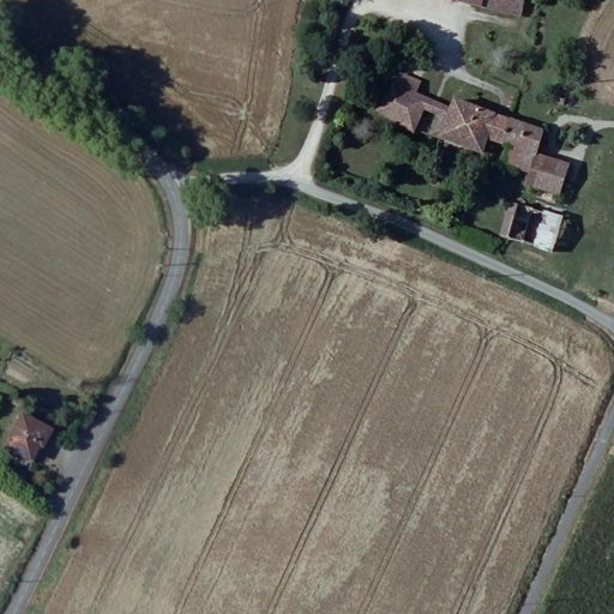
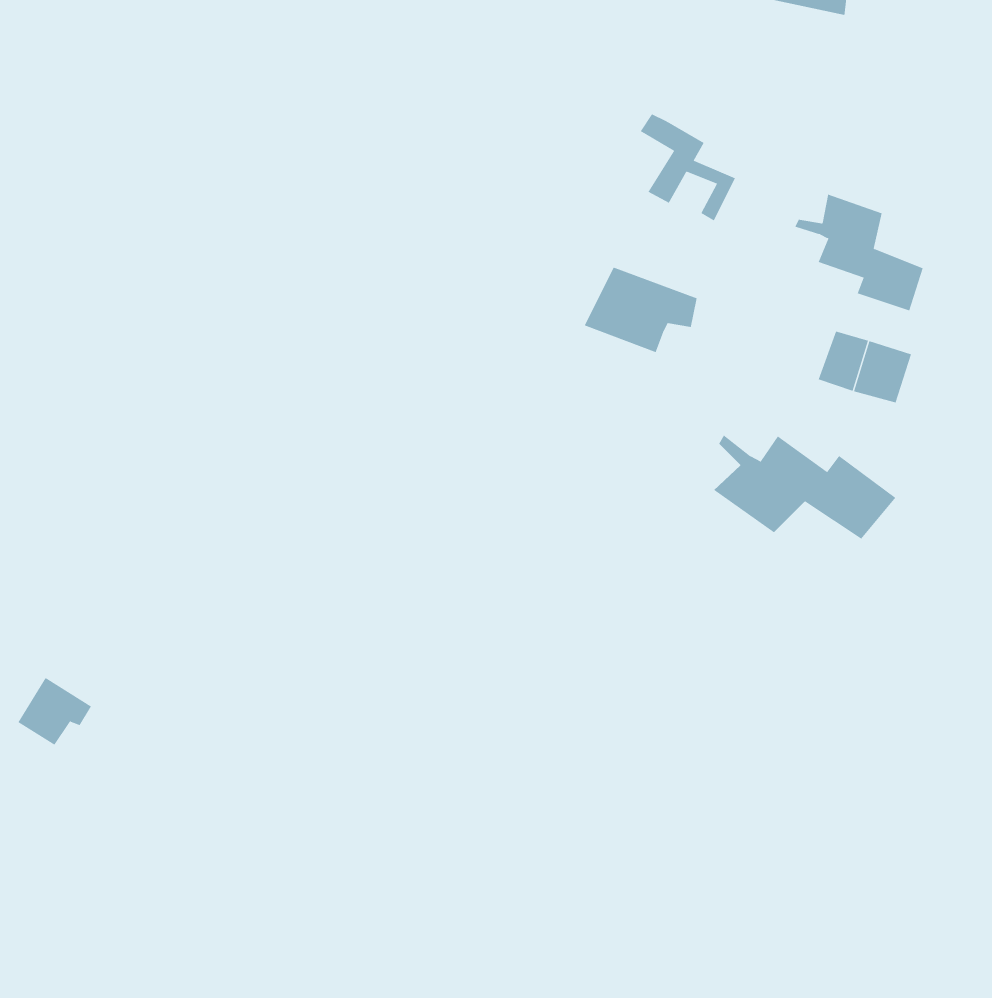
building: [377,80,413,118] -> none
building: [438,100,507,152] -> [584,267,697,353]
building: none -> [713,435,896,539]

